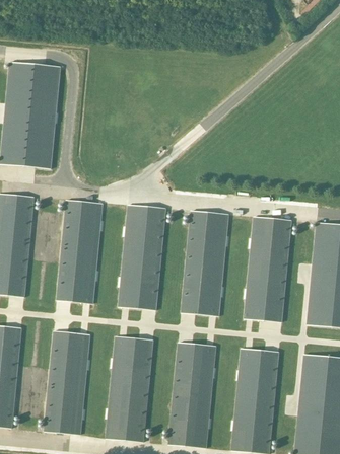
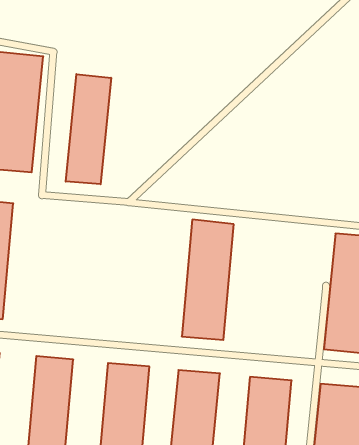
building: none -> [66,74,111,184]
building: [57,199,98,303] -> none
building: [119,205,164,309] -> none
building: [245,216,290,321] -> none

